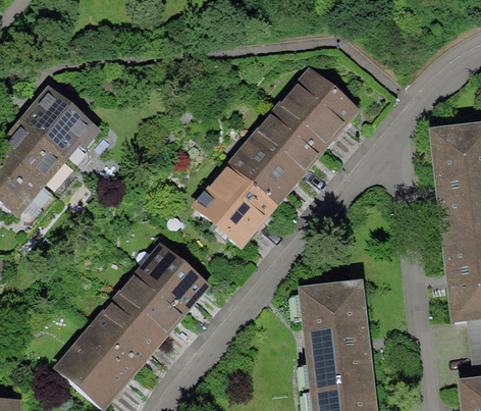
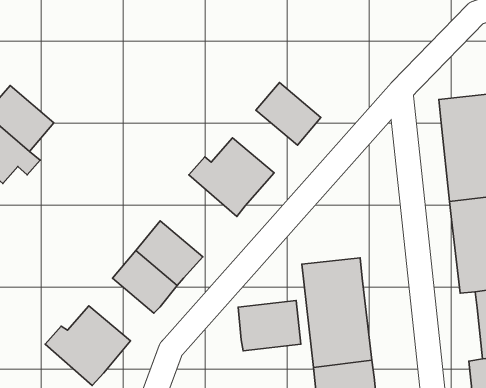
building: [275,74,357,150] -> none
building: [23,89,97,155] -> none
building: [236,143,299,203] -> none
building: [99,304,161,364] -> none
building: none -> [238,301,301,351]

